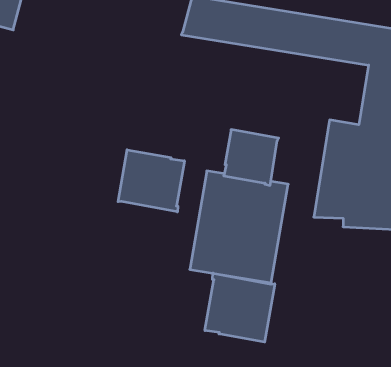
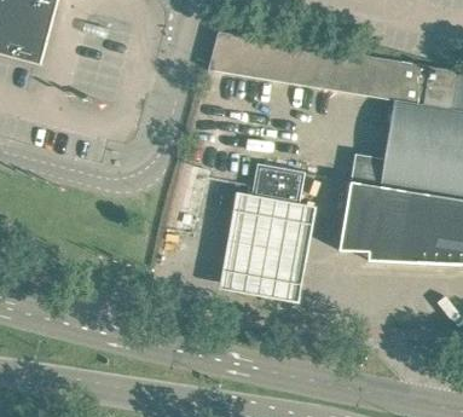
building: [118,150,184,212] -> none
building: [205,273,275,342] -> none

